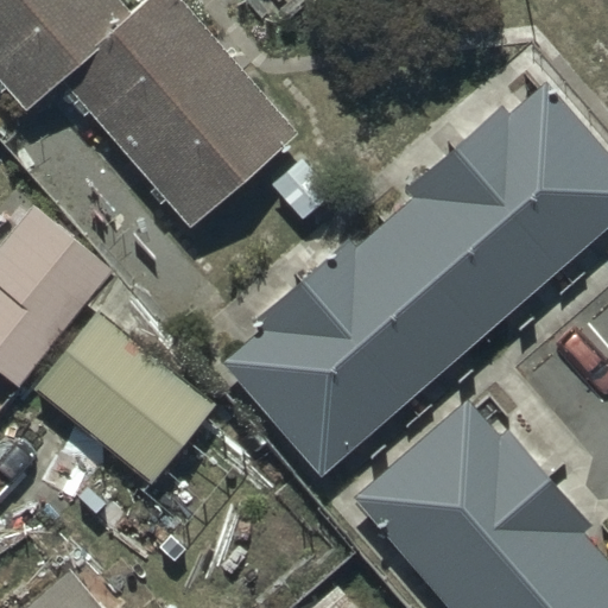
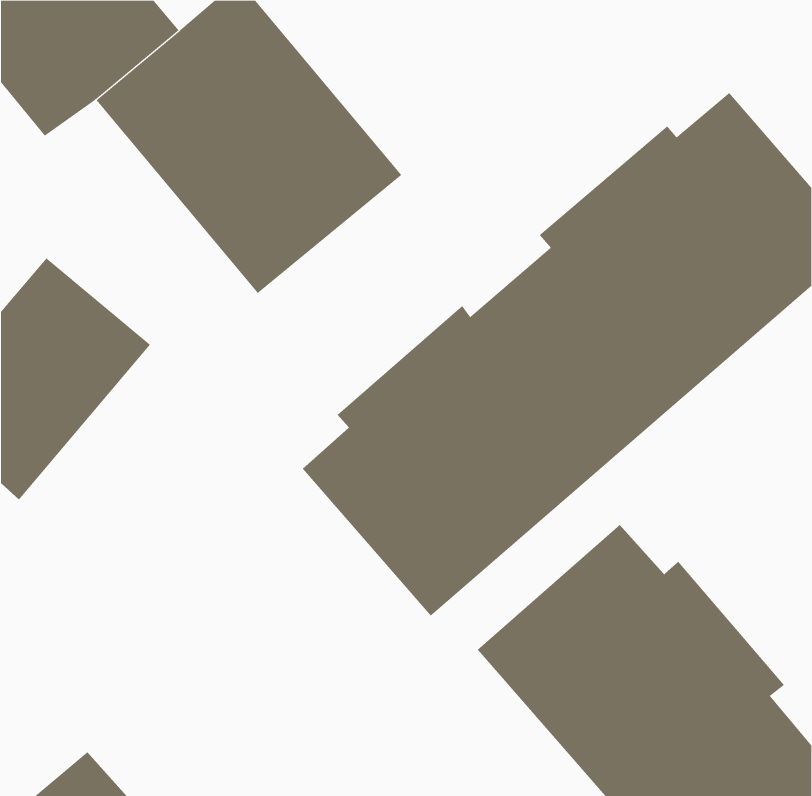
building: [28,309,215,528] -> none

